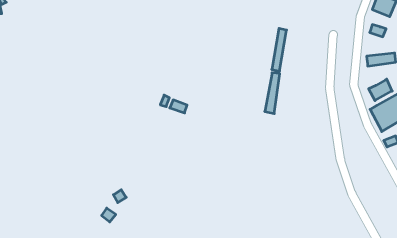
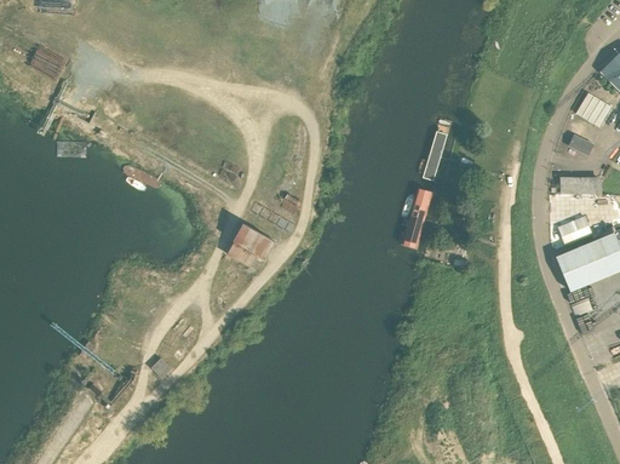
building: none -> [226,223,276,267]

